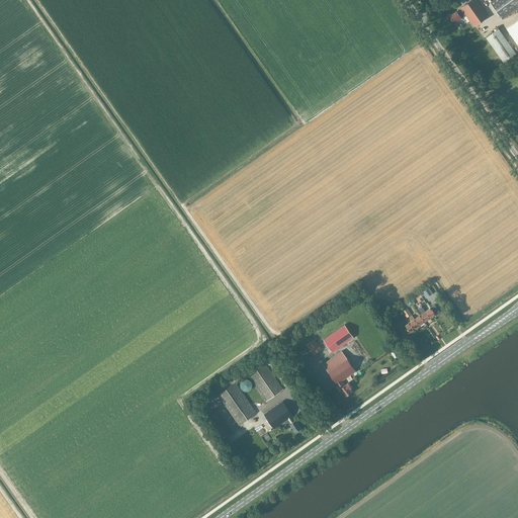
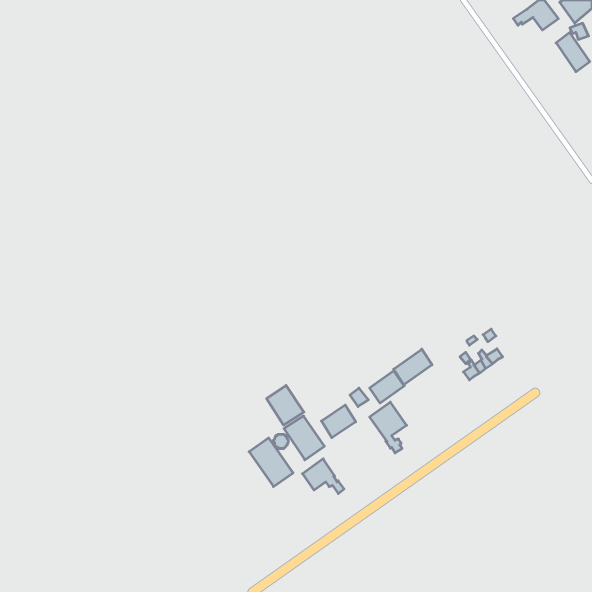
building: none -> [394,349,432,385]
building: none -> [267,385,304,425]
building: none -> [321,405,356,438]

